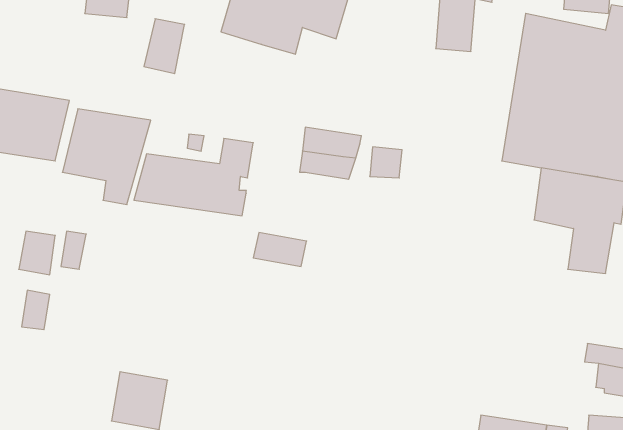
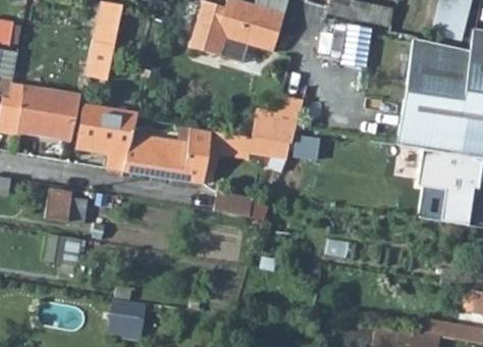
building: [144,19,185,74] -> [85,40,114,80]
building: none -> [203,129,251,166]

